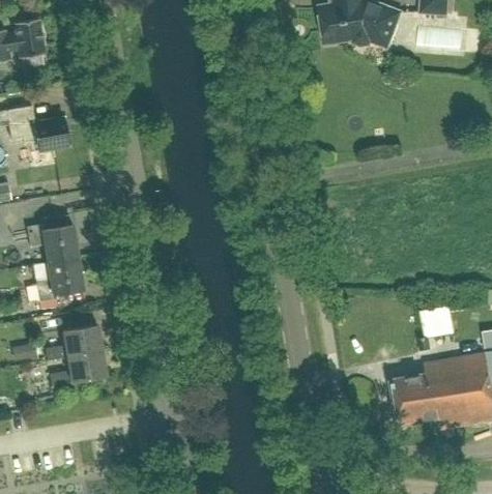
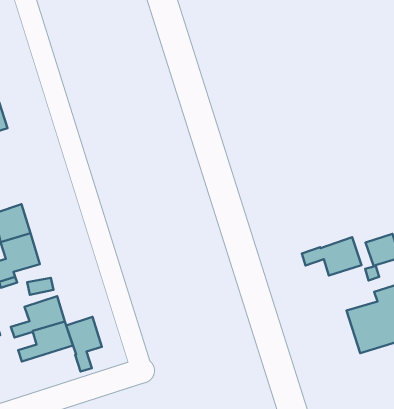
building: none -> [302,237,362,276]
building: none -> [66,317,102,372]

